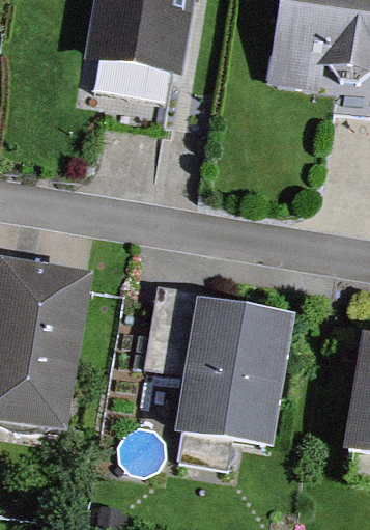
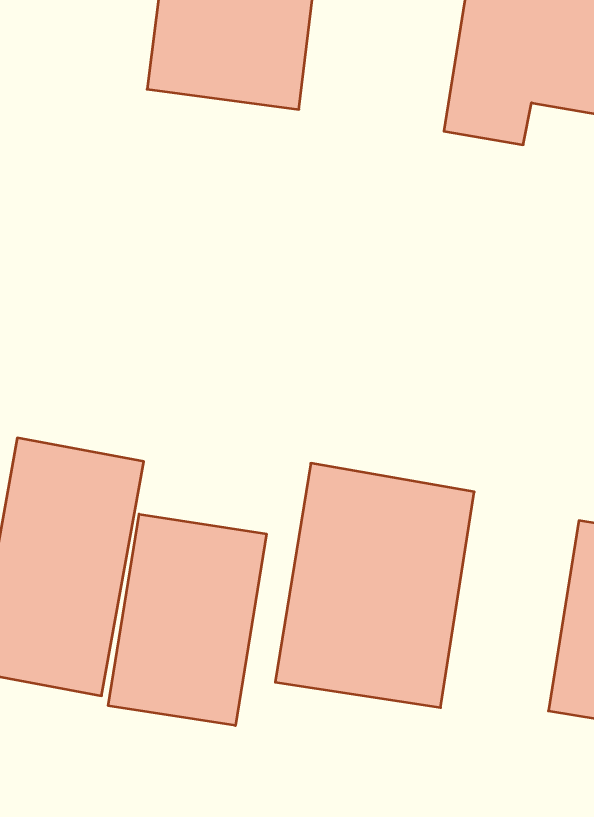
building: none -> [108,514,266,726]

